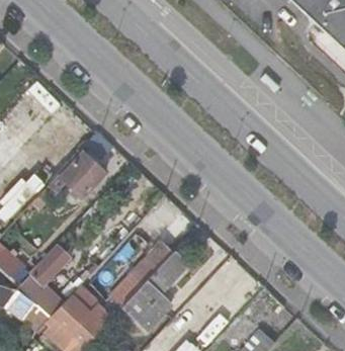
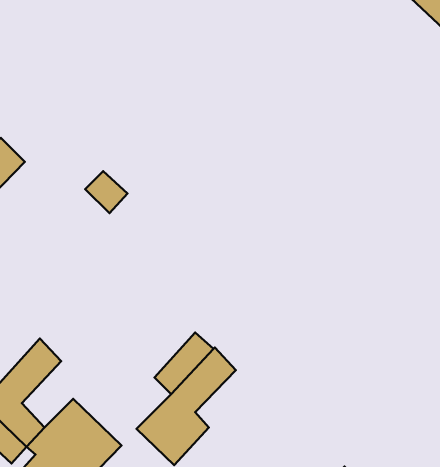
building: [47,151,103,195] -> none

